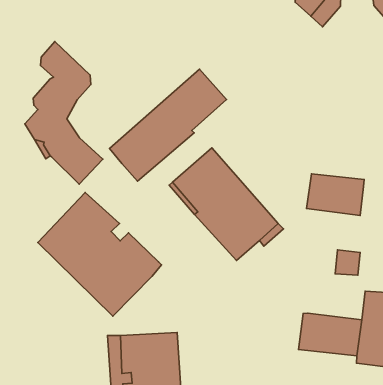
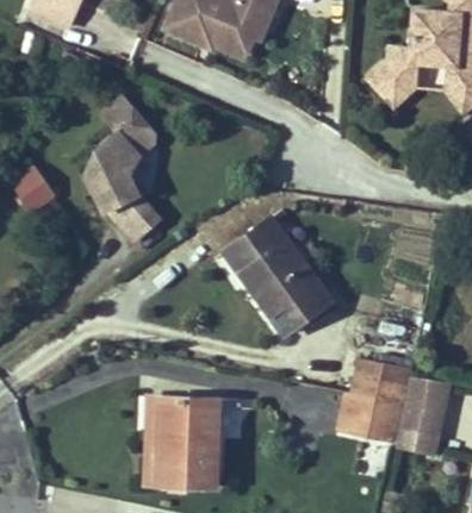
building: [110,69,226,181] -> none
building: [306,174,364,215] -> [353,358,414,405]
building: [38,192,161,316] -> none

